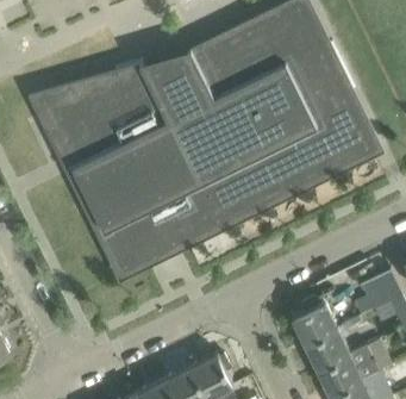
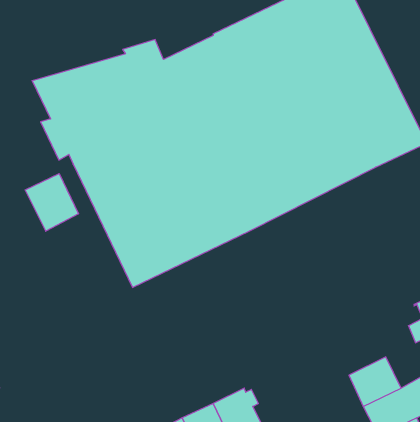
building: none -> [25,174,78,231]
building: [292,291,336,344] -> none

